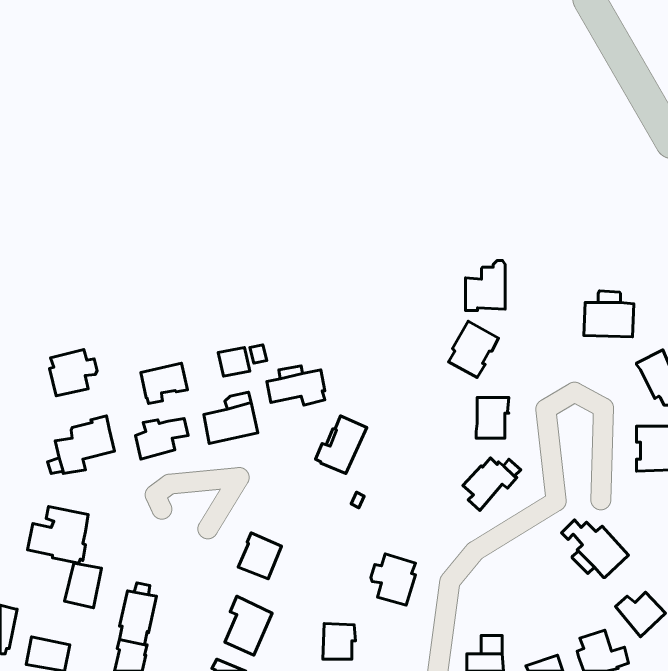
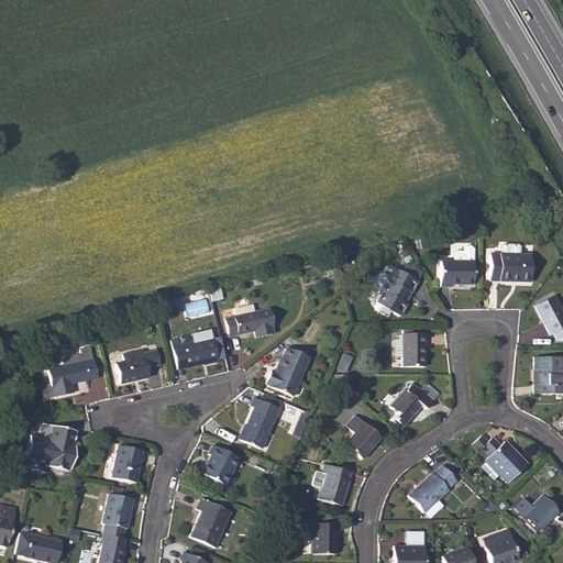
building: [466,261,505,311] -> [442,244,475,286]
building: [49,349,97,396] -> none
building: [141,363,188,403] -> none
building: none -> [241,397,280,448]
building: none -> [346,415,382,457]
building: none -> [409,466,457,519]
building: [65,563,101,608] -> [113,445,144,483]
building: [323,624,356,659] -> [312,523,340,553]

